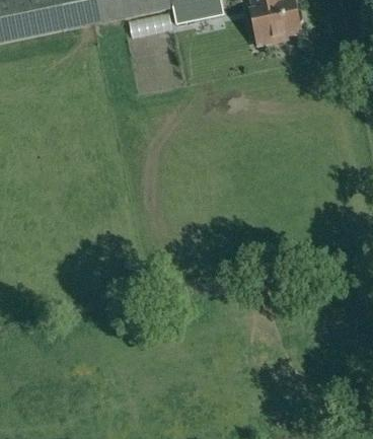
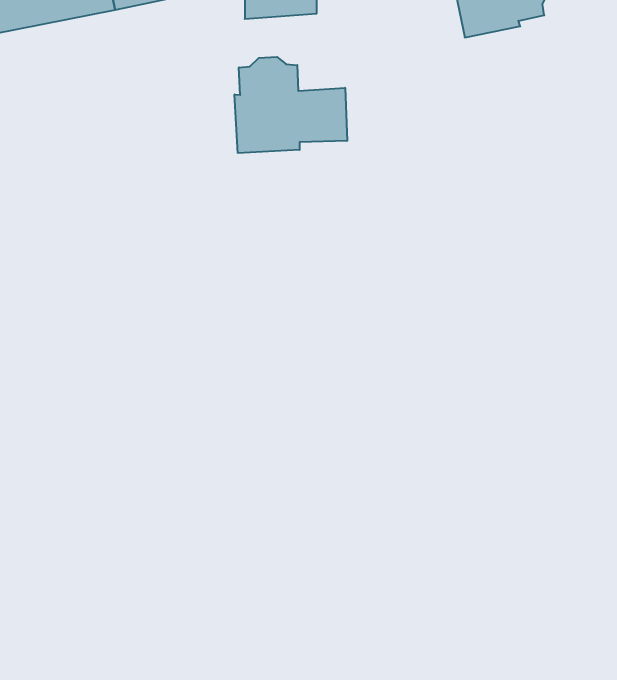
building: none -> [235,57,347,153]

